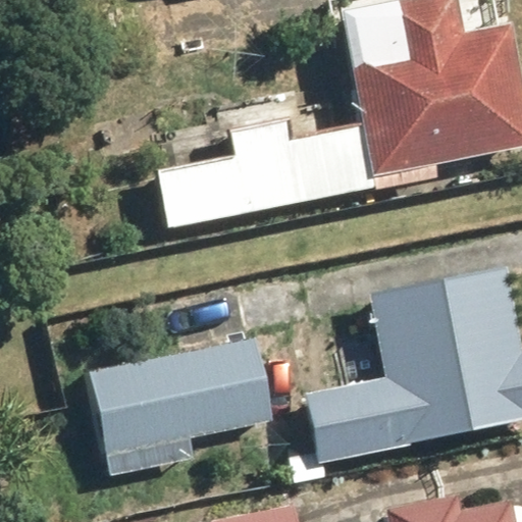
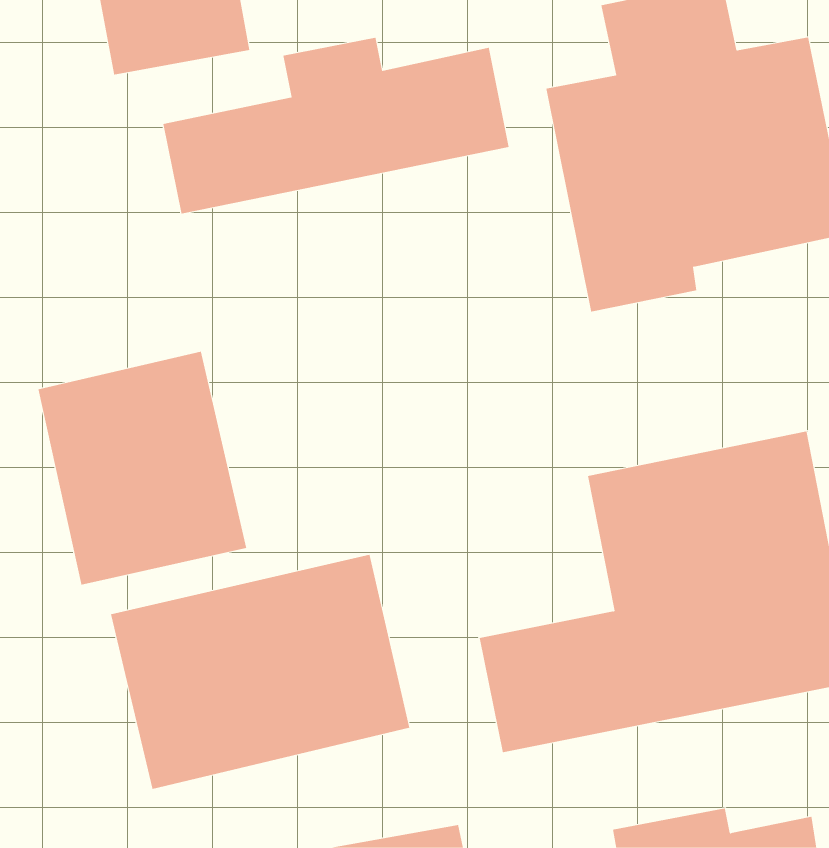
building: [158,120,370,228] -> [162,37,509,214]
building: none -> [38,351,247,586]

